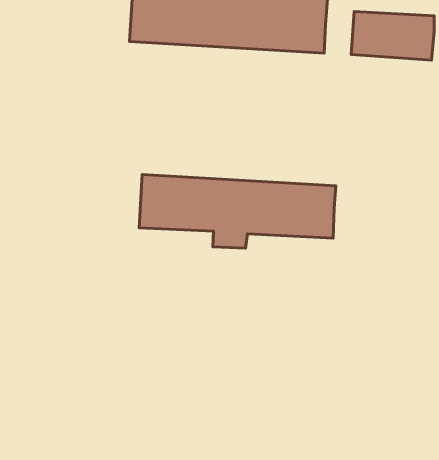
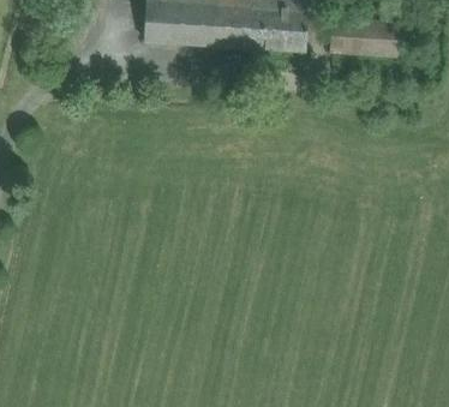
building: [139,174,336,248] -> none

